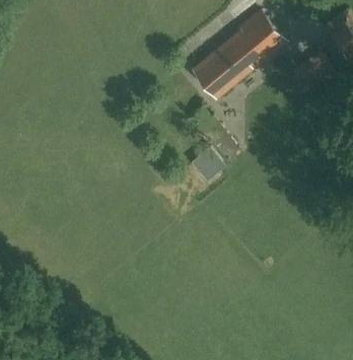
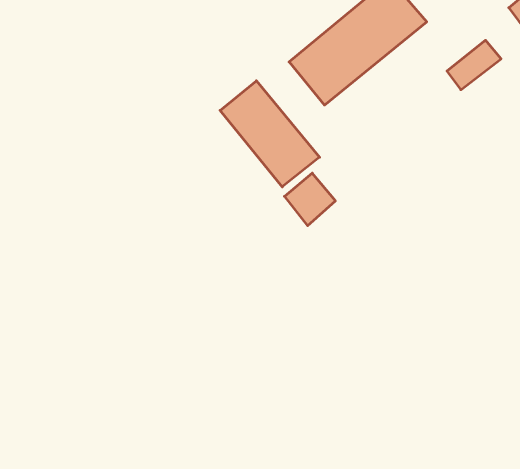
building: none -> [220,81,320,187]

